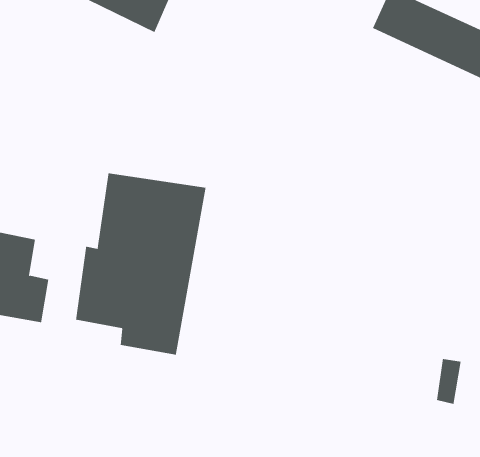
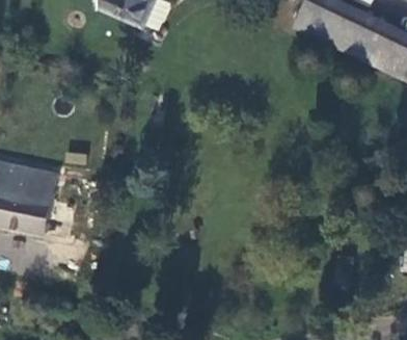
building: [75,173,206,356] -> none

